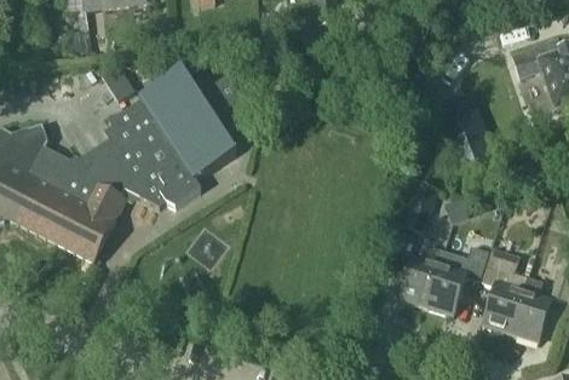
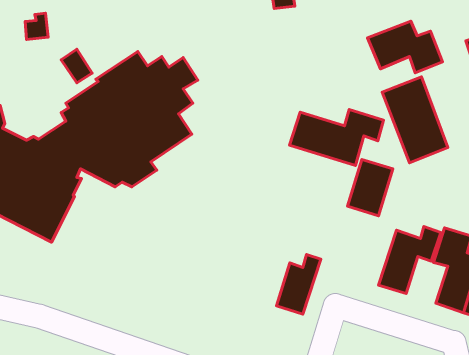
building: none -> [368,21,442,73]
building: none -> [289,110,384,165]
building: [397,244,442,305] -> [277,254,321,314]

